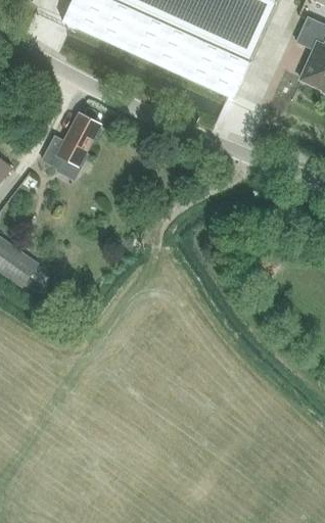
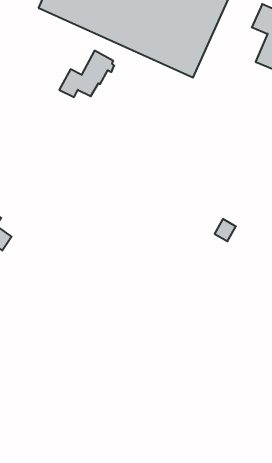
building: [41,115,101,167] -> [59,51,114,97]

